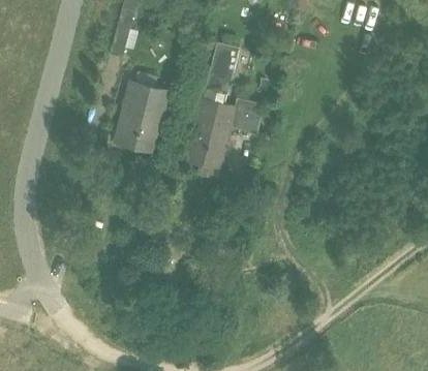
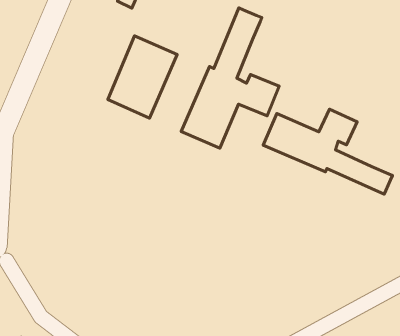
building: none -> [263,109,393,194]

